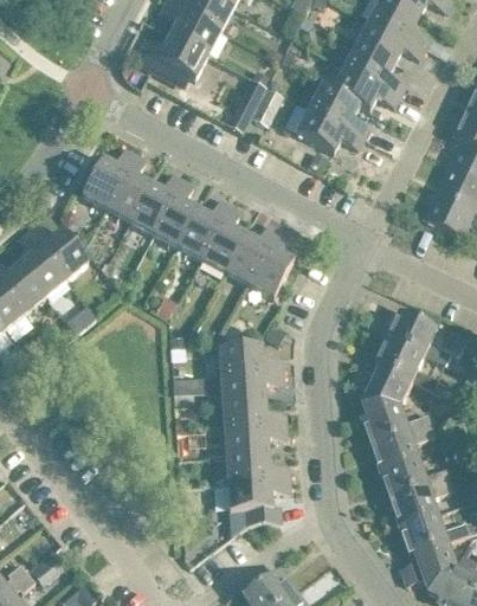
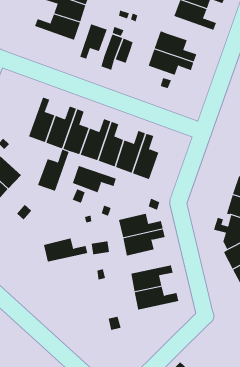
building: none -> [79,23,107,60]
building: [331,65,399,110] -> none
building: [80,147,135,207] -> [37,149,70,192]
building: none -> [72,165,117,193]
building: [221,399,285,428] -> [43,238,88,262]
building: [226,479,290,524] -> none

